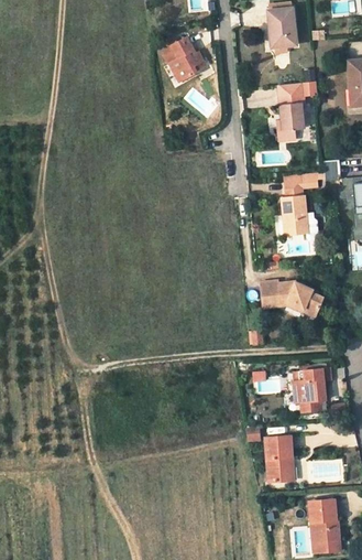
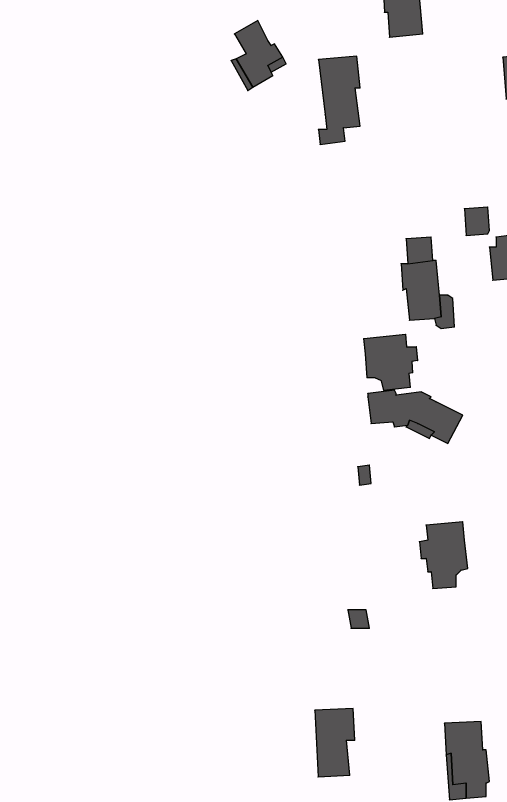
building: [278,83,306,141] -> [318,56,360,144]
building: none -> [364,334,418,390]
building: [266,437,293,482] -> [315,709,355,777]

